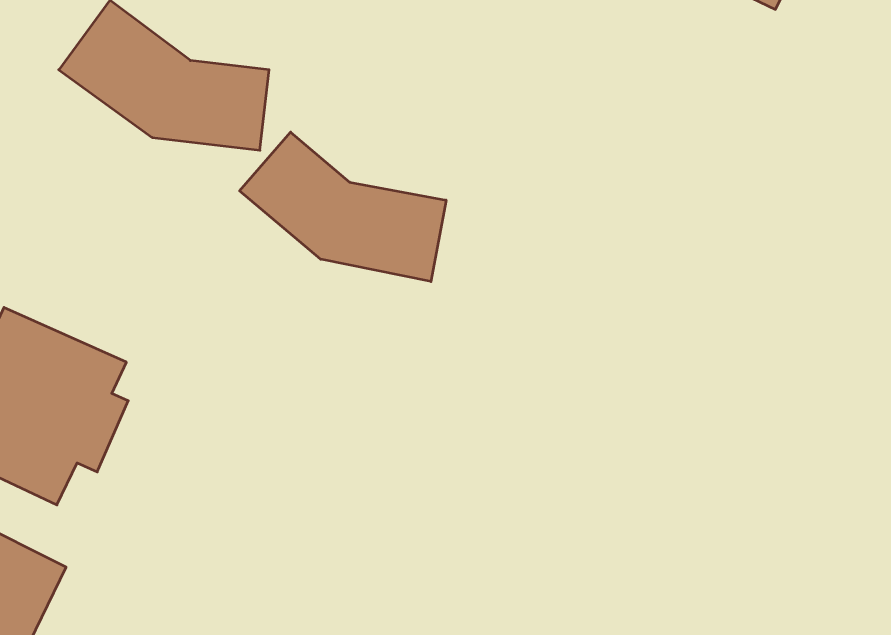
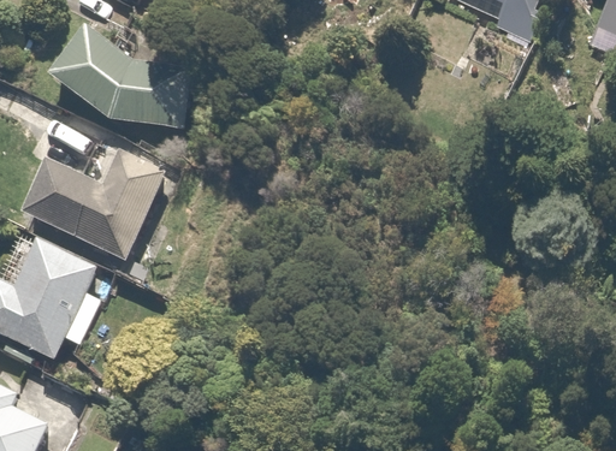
building: [240,132,446,282] -> none
building: none -> [19,137,166,259]

